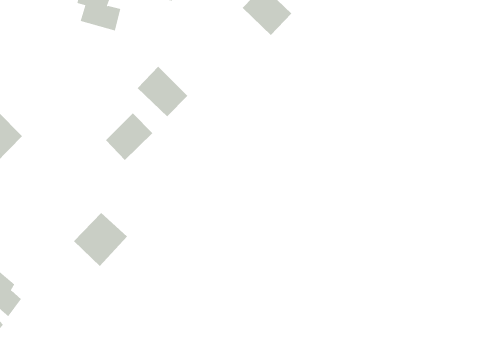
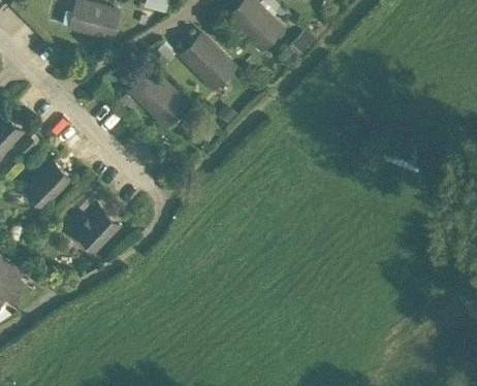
building: none -> [181,35,227,81]
building: [105,113,153,161] -> none
building: none -> [21,158,74,212]

